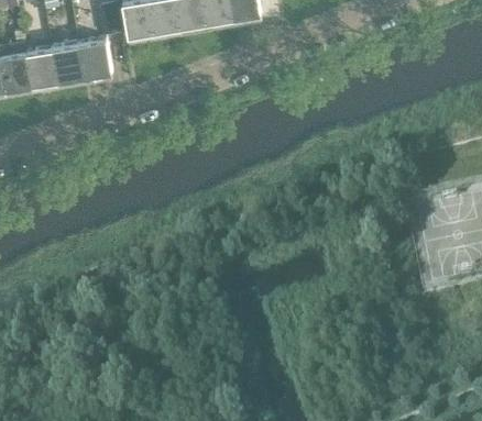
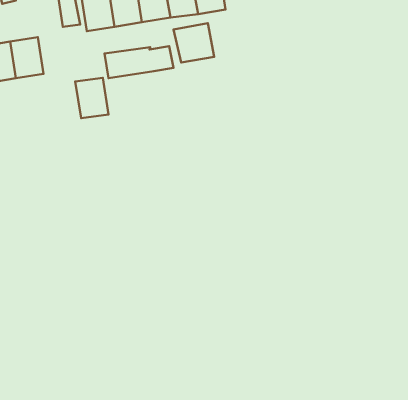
building: none -> [174,23,214,63]
building: [79,41,111,79] -> [75,78,109,118]
building: none -> [105,46,173,78]

